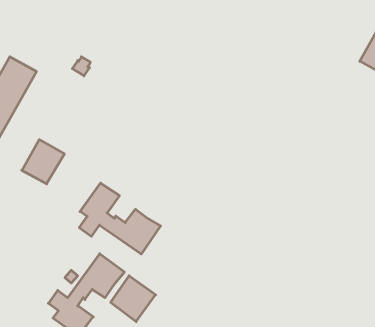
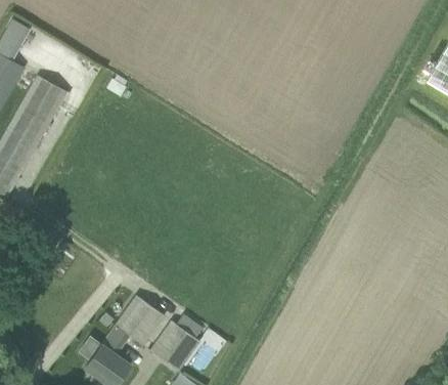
building: [22,140,64,184] -> none
building: [79,183,161,254] -> none

